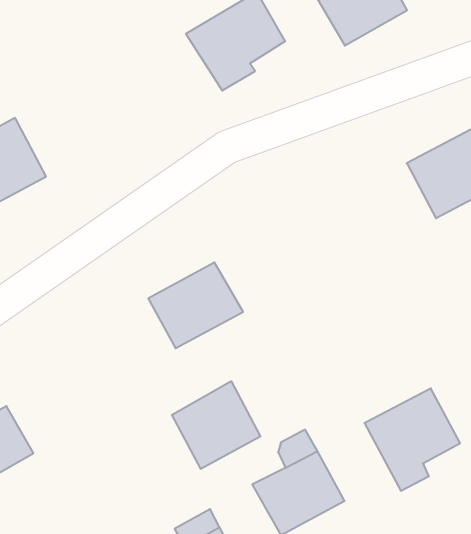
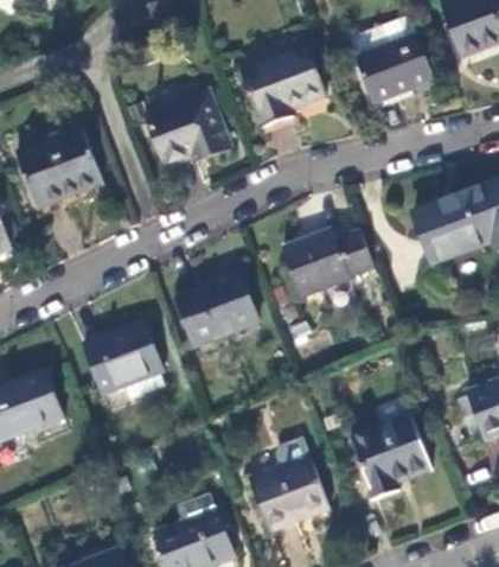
building: none -> [149,95,223,167]
building: none -> [286,232,378,295]
building: [172,381,261,469] -> [83,326,158,399]

